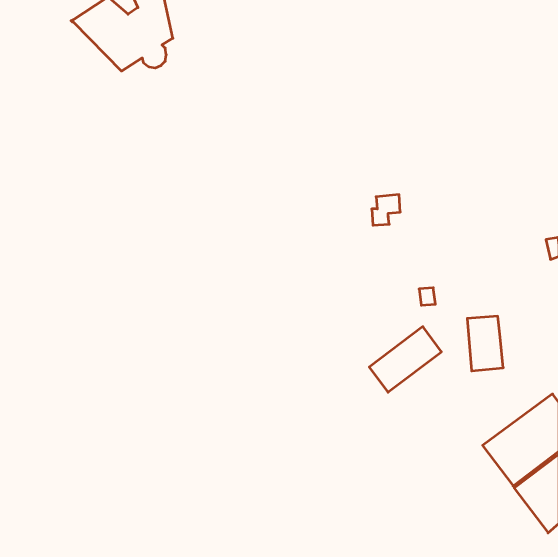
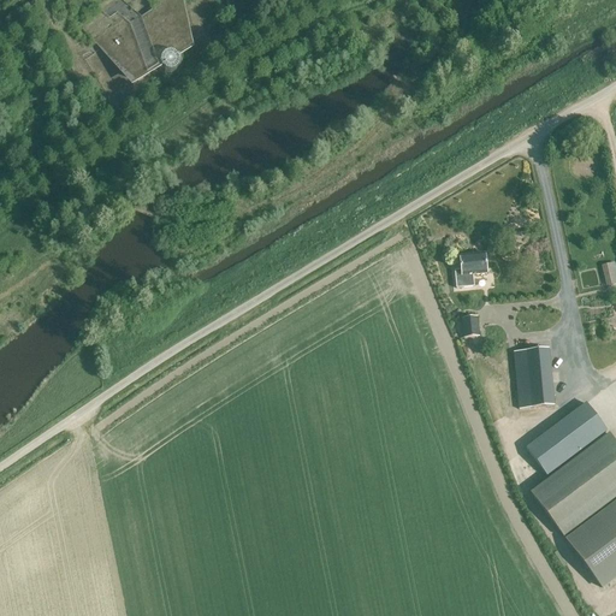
building: [372,195,400,225] -> [456,253,487,286]
building: [369,327,441,392] -> [527,402,606,474]

